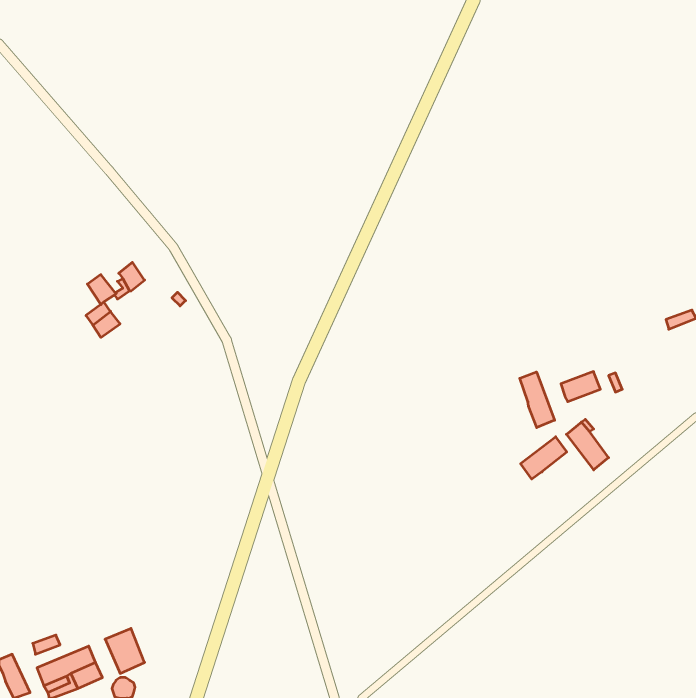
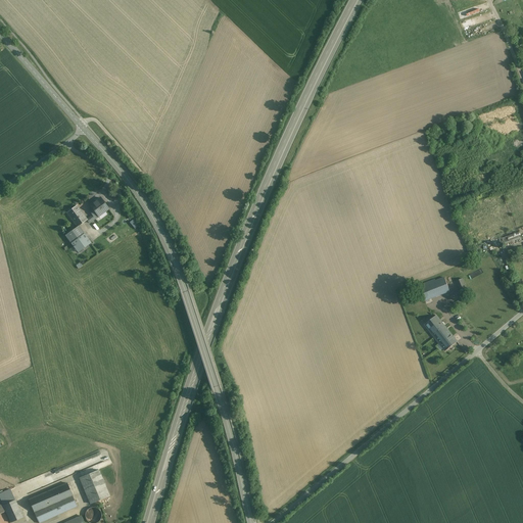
building: [520,372,555,428] -> none
building: [521,437,567,479] -> none

